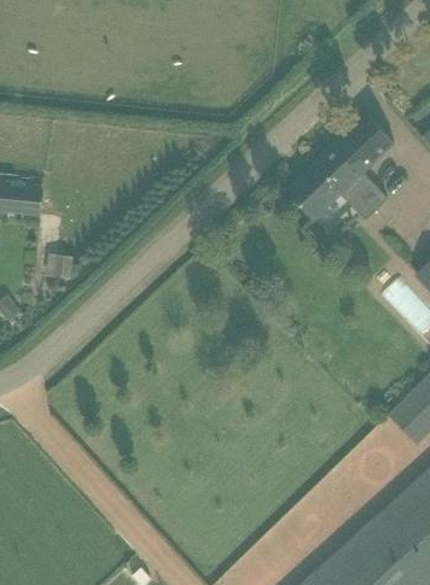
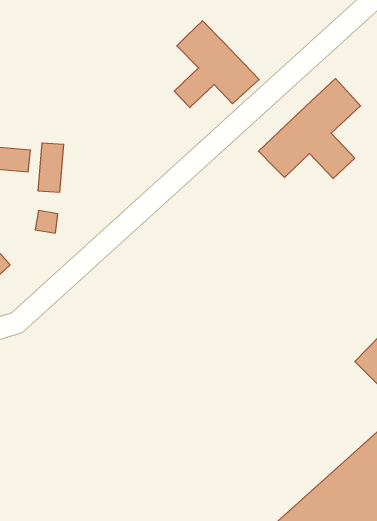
building: none -> [174,21,259,108]
building: none -> [38,143,64,192]

